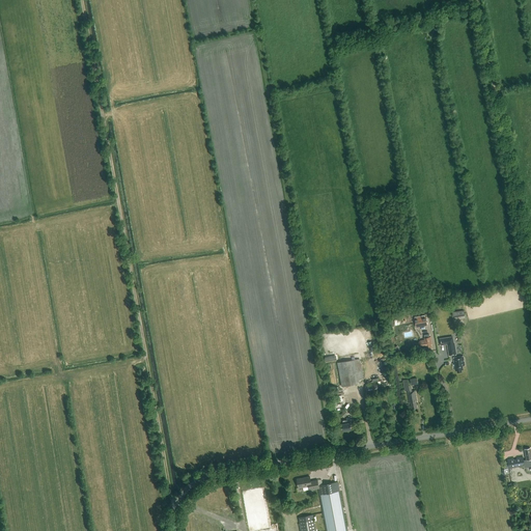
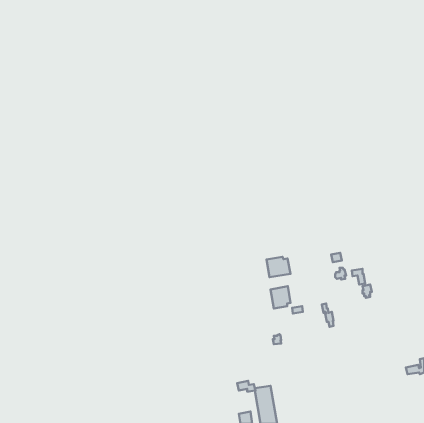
building: none -> [266,257,291,277]

